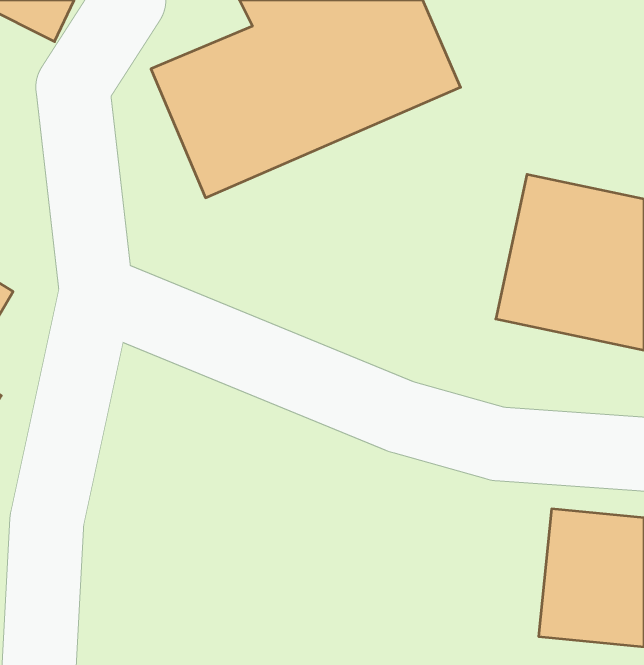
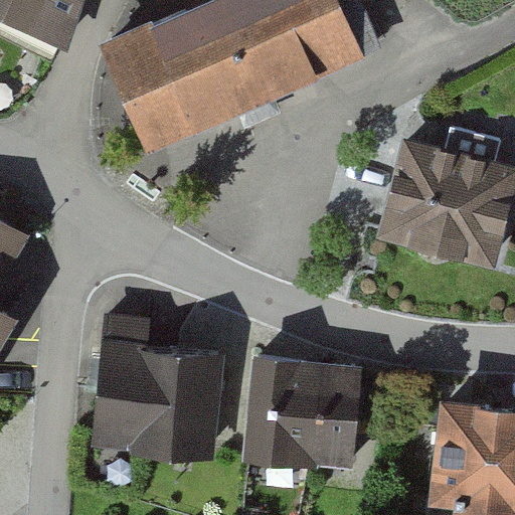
building: none -> [95,320,217,450]
building: none -> [255,356,362,467]

